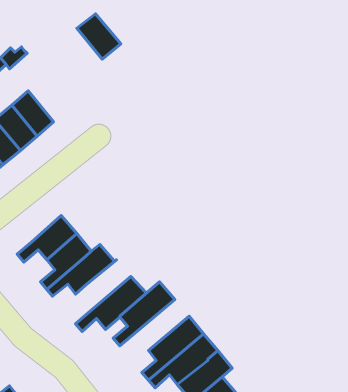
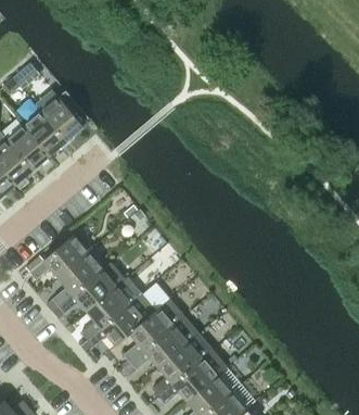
building: [77,14,121,59] -> [40,97,84,141]
building: none -> [80,277,141,340]
building: none -> [130,316,198,369]

